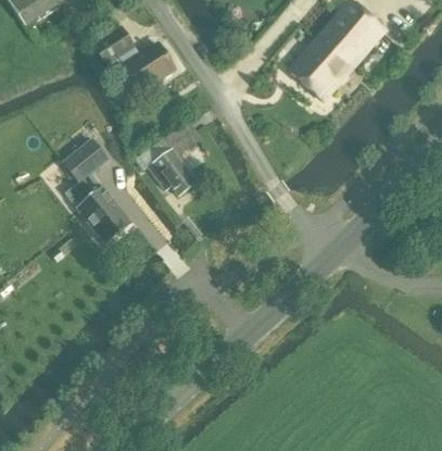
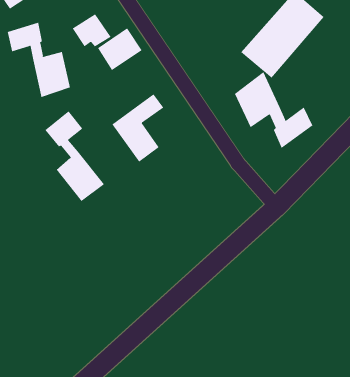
building: none -> [7,22,71,98]
building: none -> [234,71,313,149]

